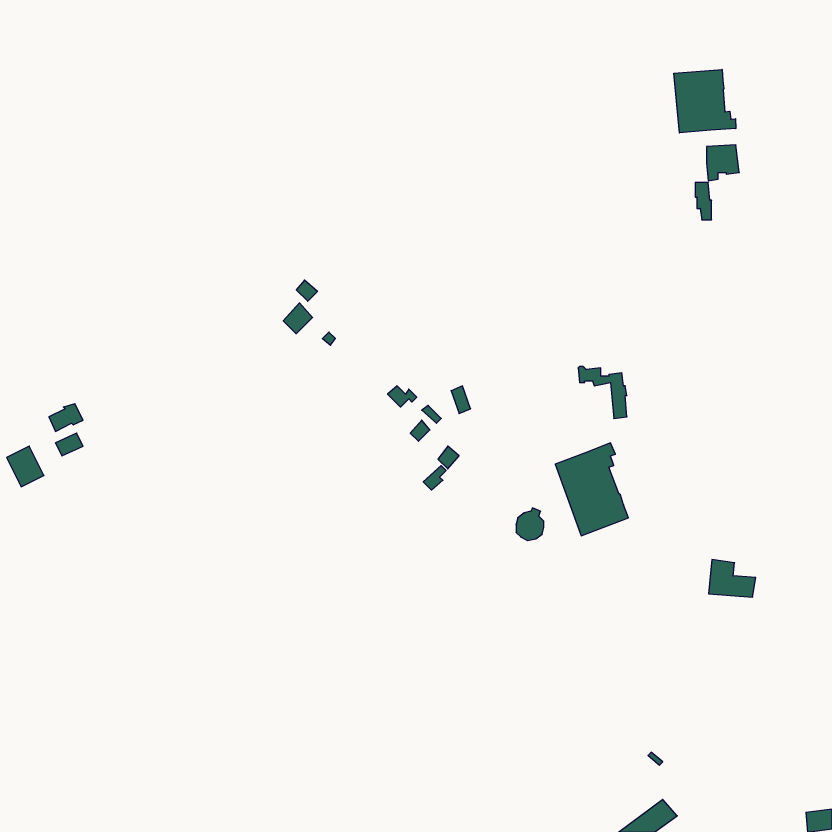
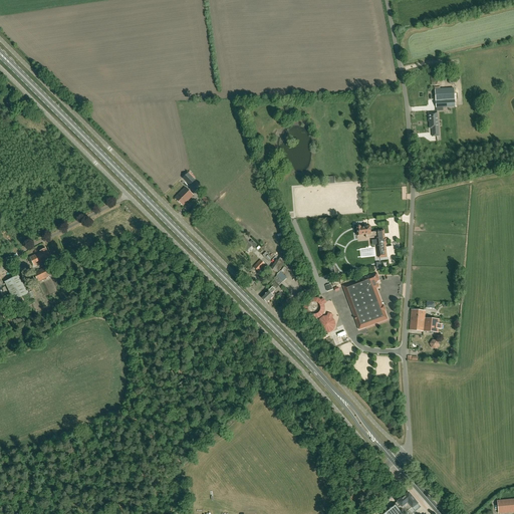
building: [674,69,736,133] -> none
building: [709,560,756,597] -> [410,309,439,332]

